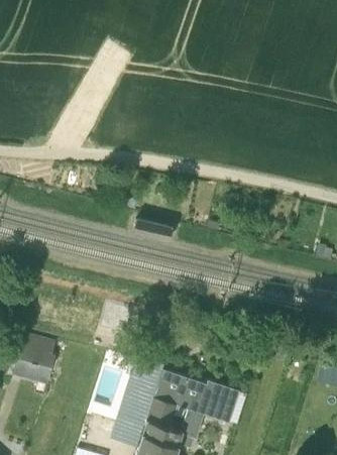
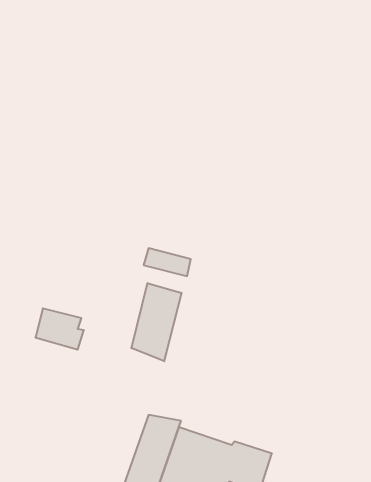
building: none -> [131,283,181,361]
building: [17,338,58,372] -> [35,308,84,350]

